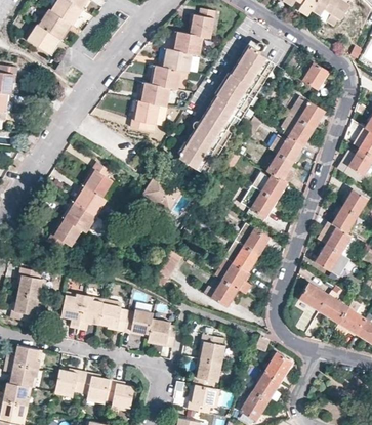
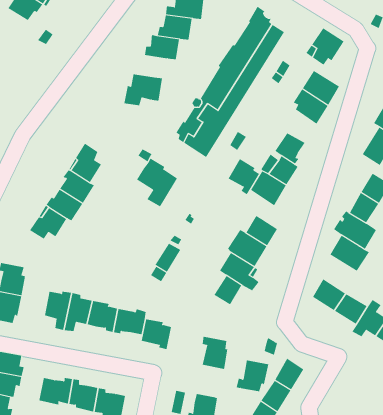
building: [138,83,169,104] -> none
building: [268,130,302,162] -> none
building: none -> [228,158,260,195]
building: [191,359,220,388] -> [236,360,269,392]

